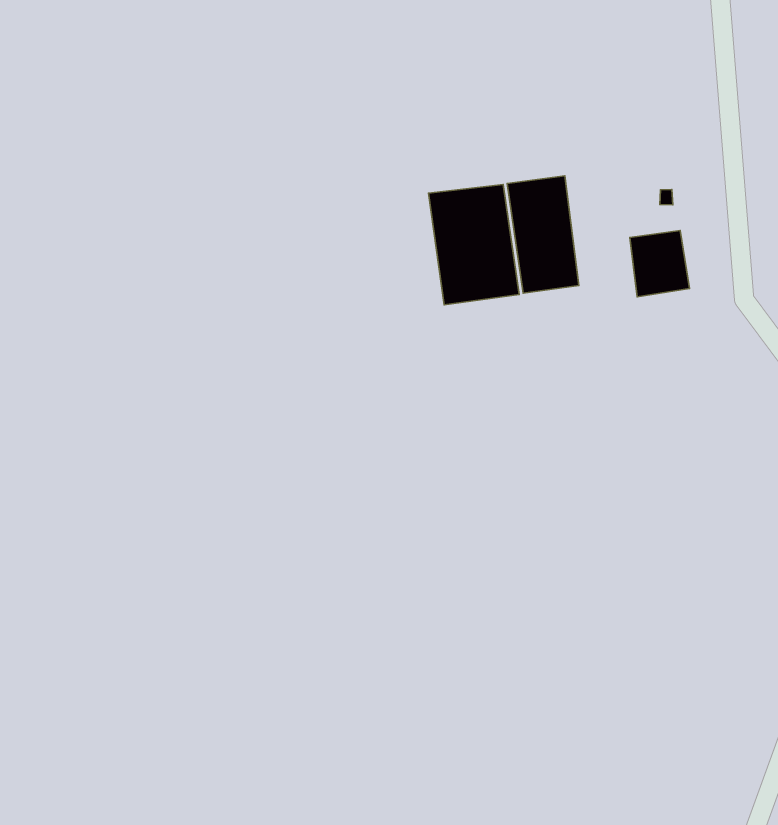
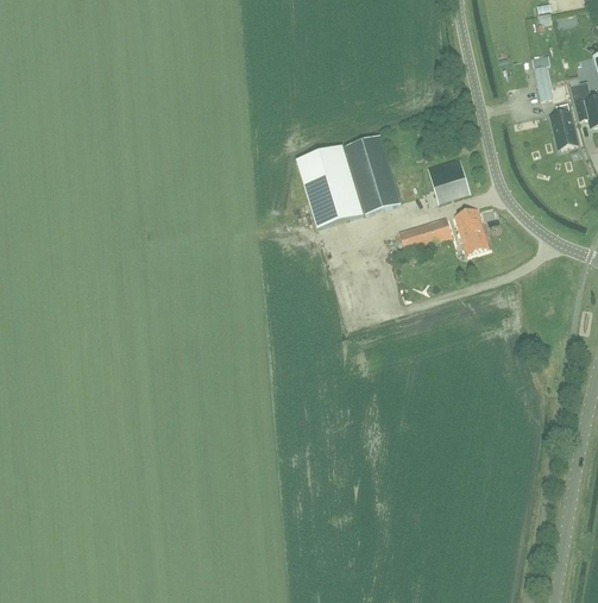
building: none -> [454,206,489,251]
building: none -> [399,215,452,249]

